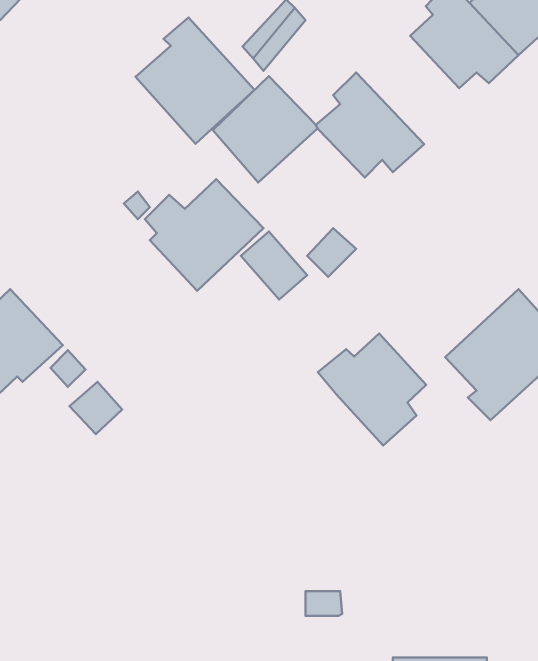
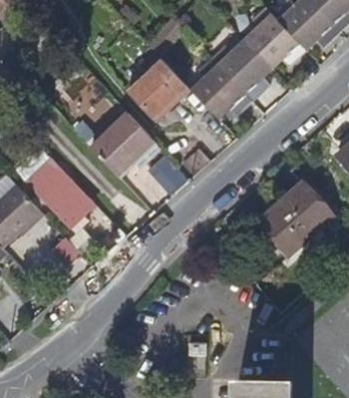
building: [136,18,254,144] -> none
building: none -> [212,36,271,98]
building: none -> [22,154,93,232]
building: [318,333,426,446] -> none

